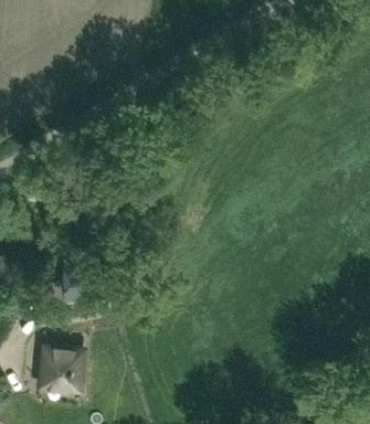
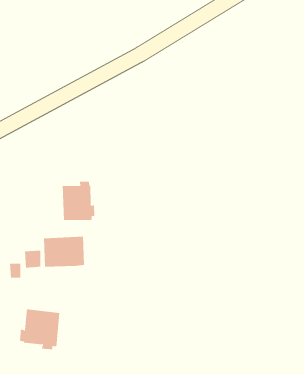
building: none -> [62,181,95,221]

